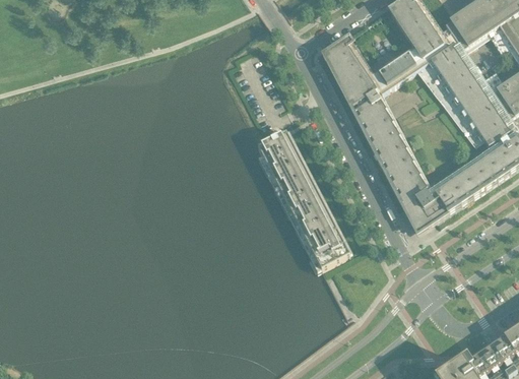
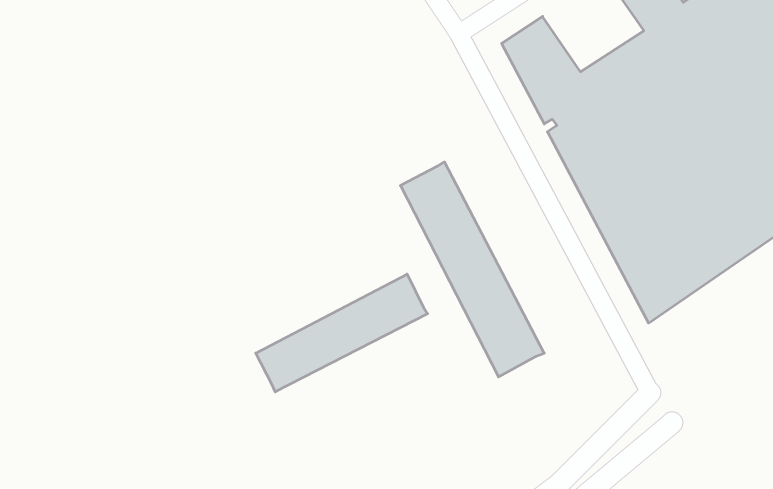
building: none -> [256,274,428,392]

